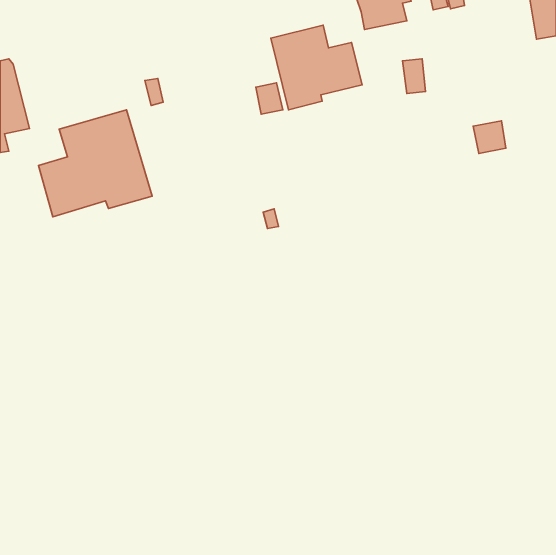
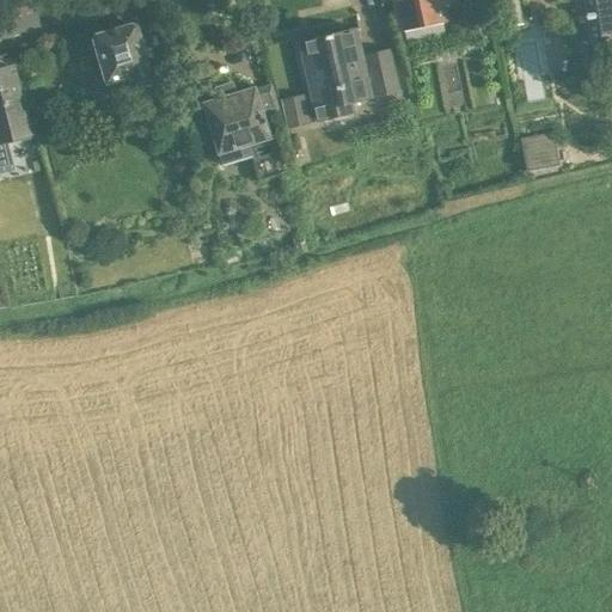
building: none -> [92,23,152,88]
building: none -> [202,82,284,180]
building: [38,110,152,217] -> none

